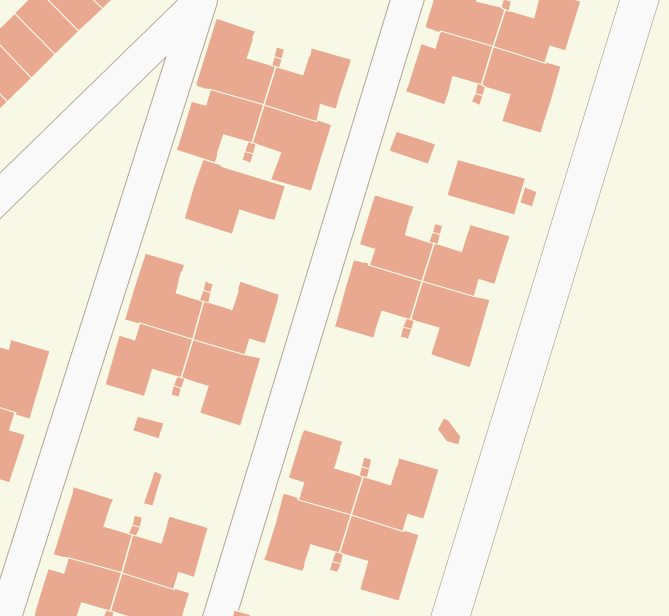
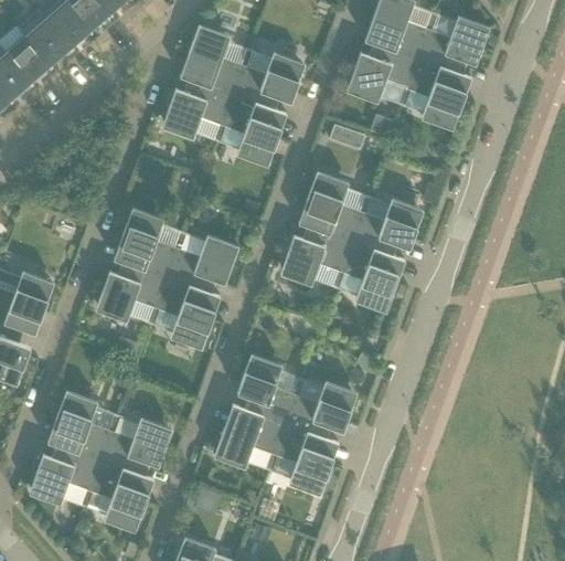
building: [440,157,526,215] -> none
building: [184,159,285,234] -> none

